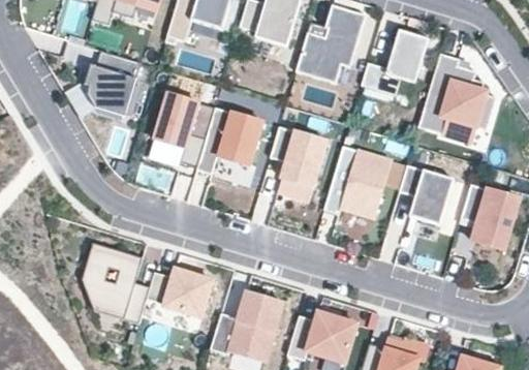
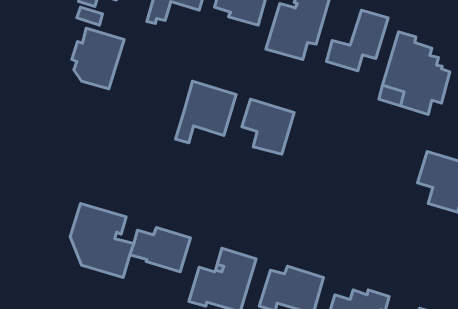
building: [155,94,216,149] -> none
building: [324,146,391,217] -> none
building: [399,165,455,226] -> none

